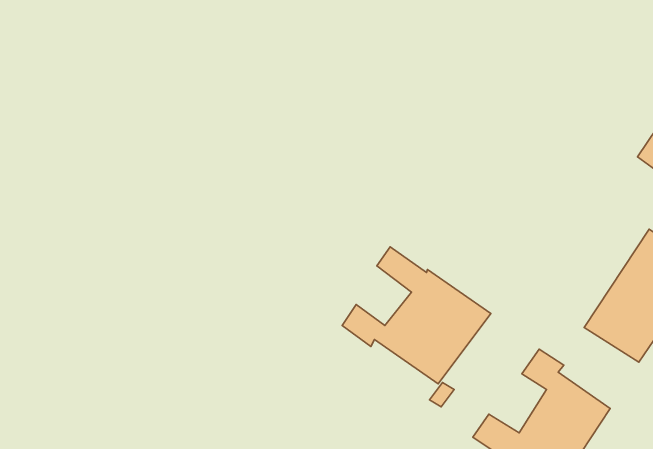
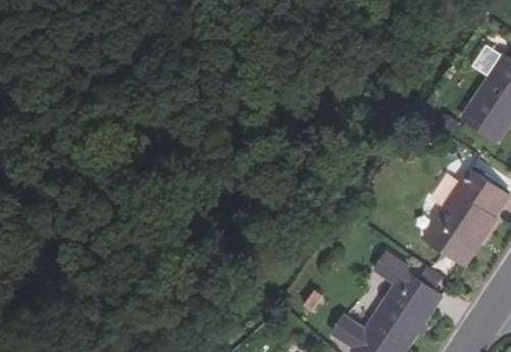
building: [342,247,491,384] -> none

